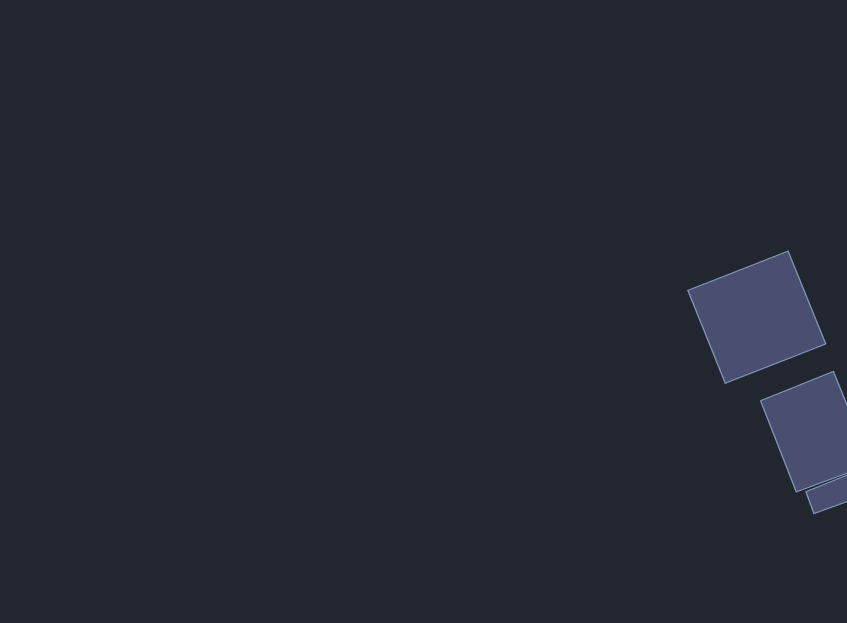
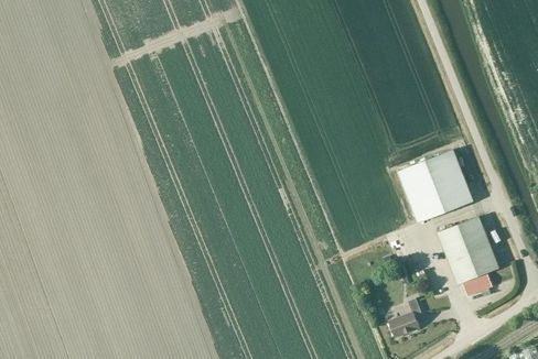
building: none -> [379,297,422,337]

